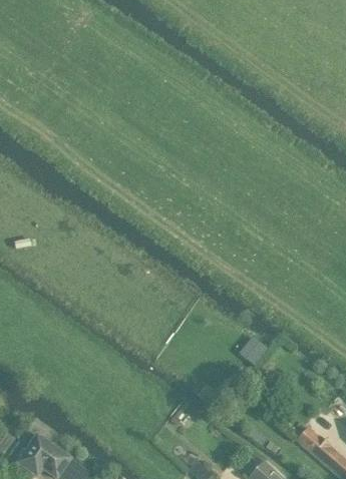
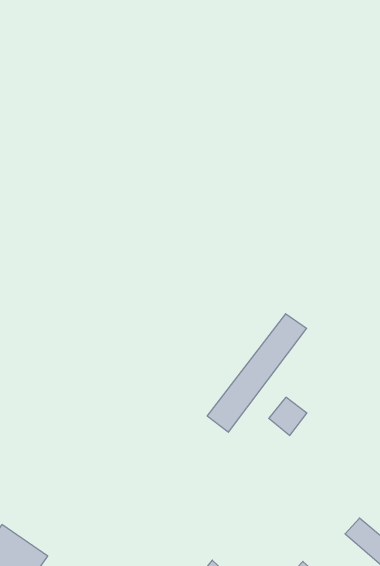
building: none -> [207,314,307,432]

